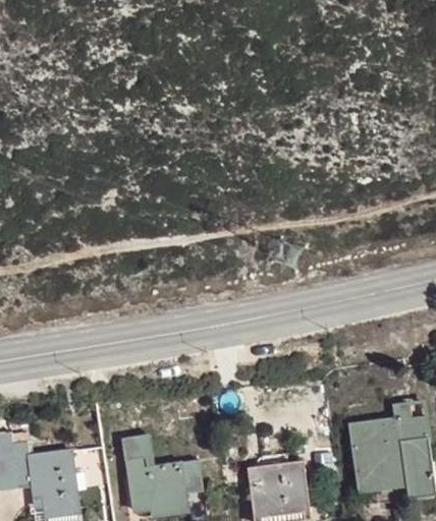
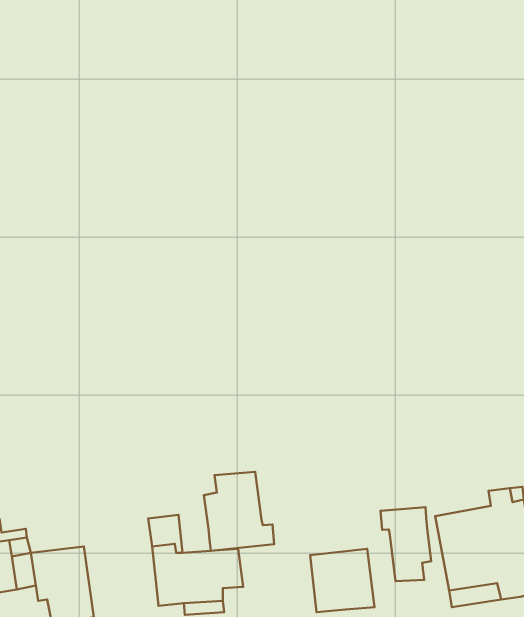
building: none -> [204,472,274,551]
building: none -> [381,507,431,581]

